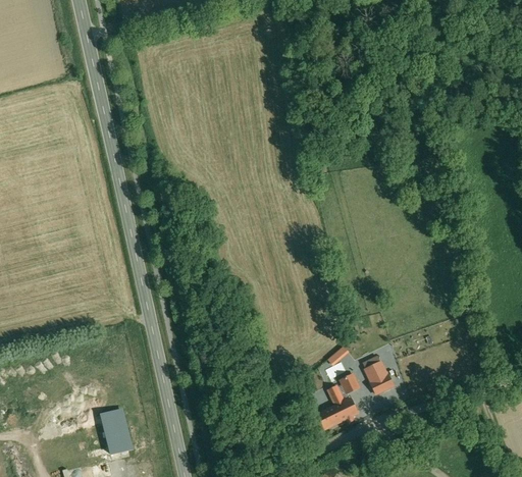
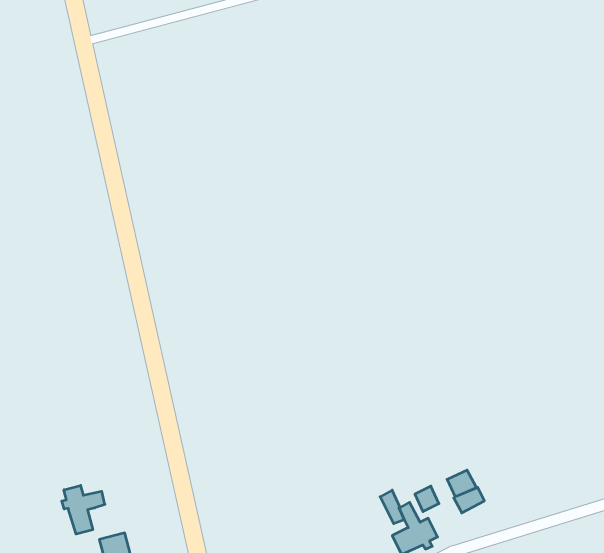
building: none -> [62,485,105,534]

